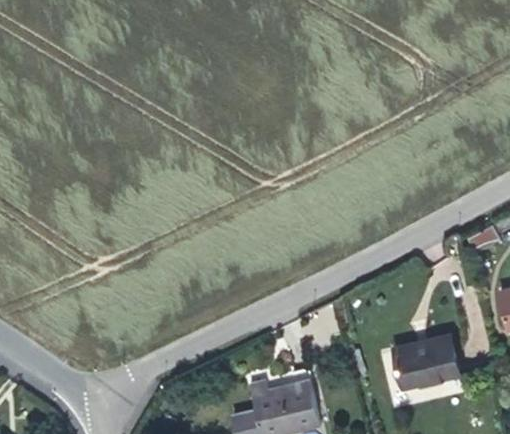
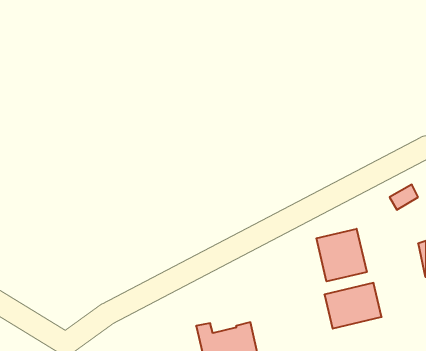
building: none -> [316,229,367,281]

